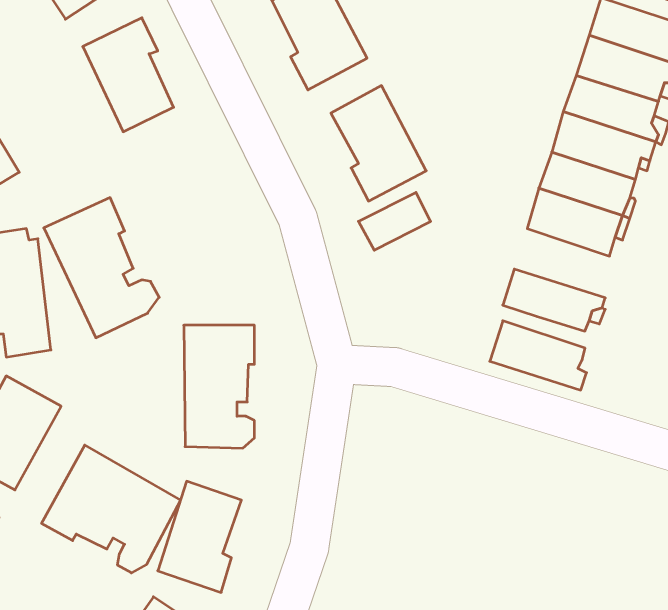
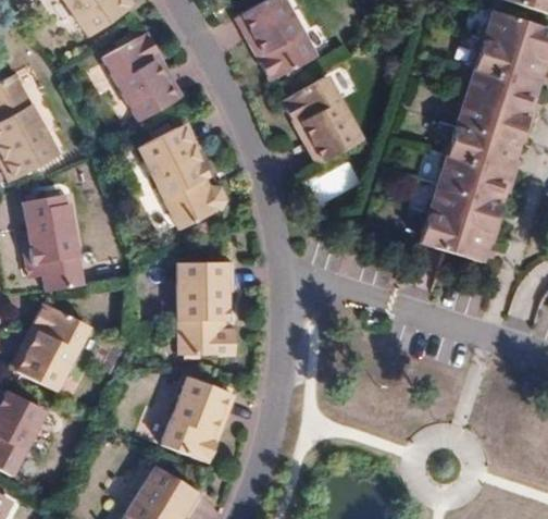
building: [44,198,159,338] -> [140,122,227,227]
building: [490,321,587,390] -> [427,188,500,240]
building: [42,445,181,573] -> none

